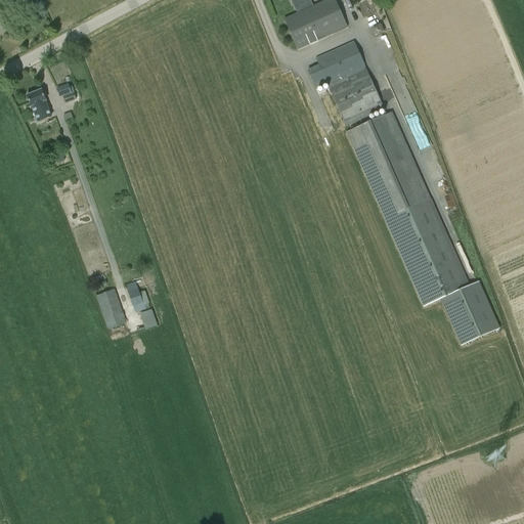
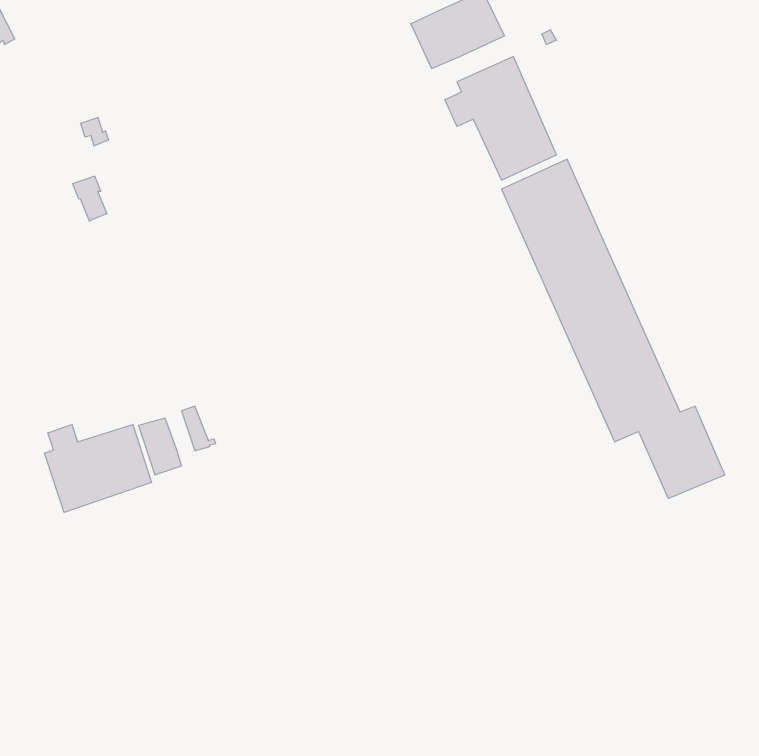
building: [26,88,49,119] -> [73,176,107,221]
building: none -> [44,424,152,512]

